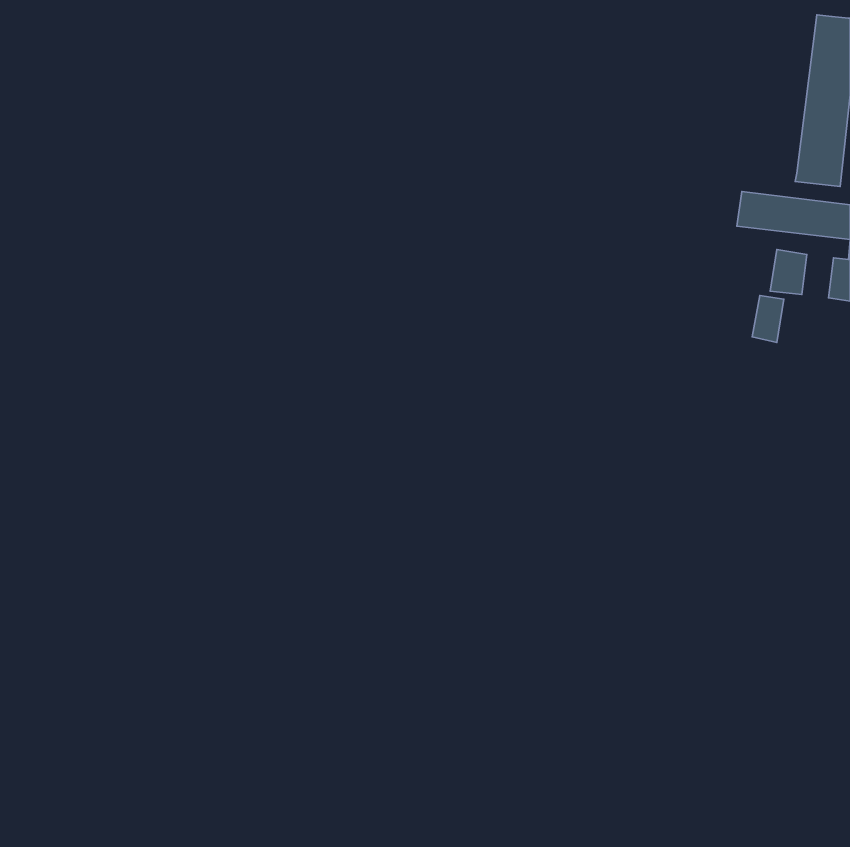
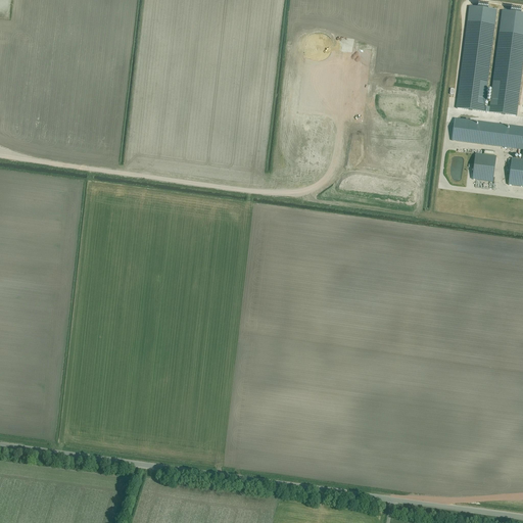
building: none -> [457,5,496,111]
building: [752,296,784,343] -> none

